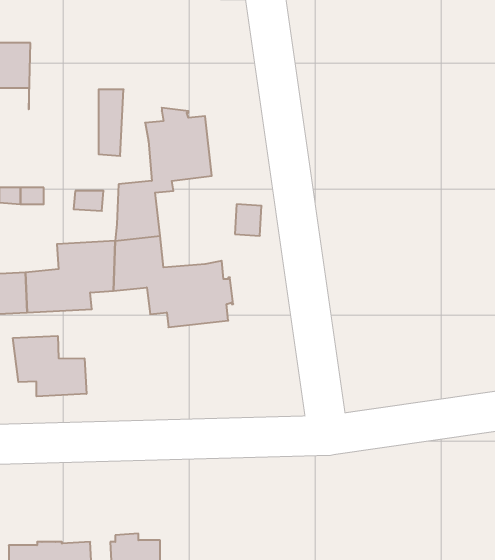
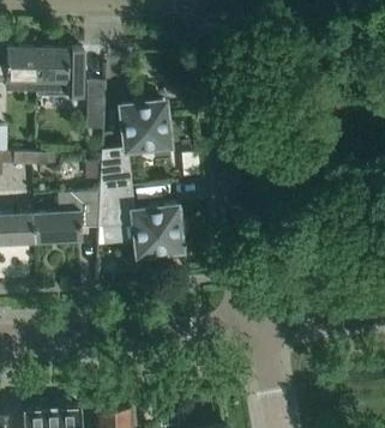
building: none -> [37,48,84,97]
building: [13,336,86,396] -> none

